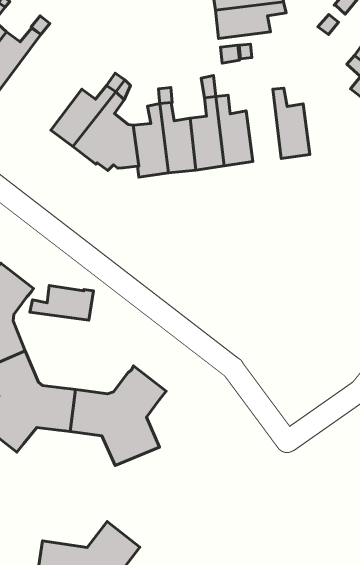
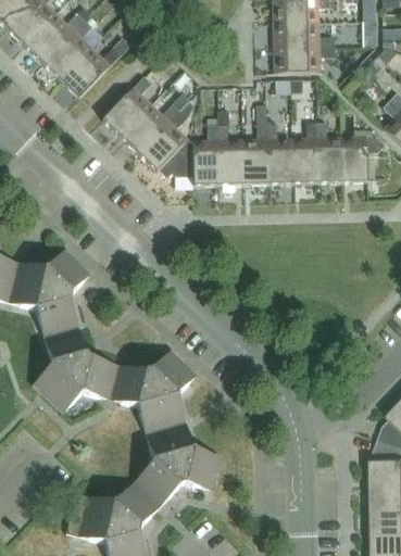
building: none -> [102,74,151,136]
building: none -> [291,121,317,181]
building: none -> [341,135,385,180]
building: [30,286,93,320] -> none
building: none -> [134,420,221,505]

